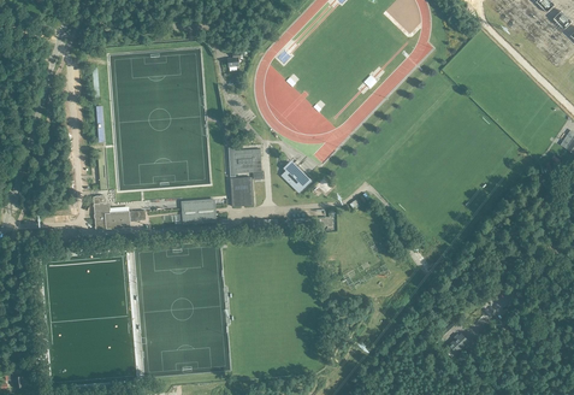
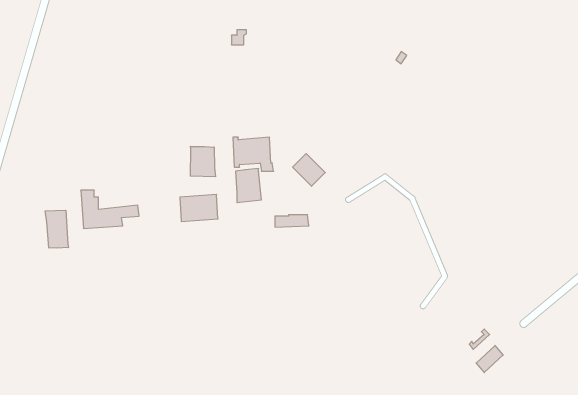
building: none -> [190,146,215,177]
building: none -> [45,210,68,248]

